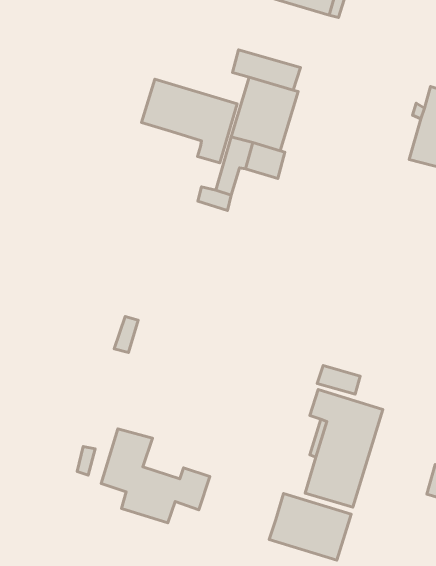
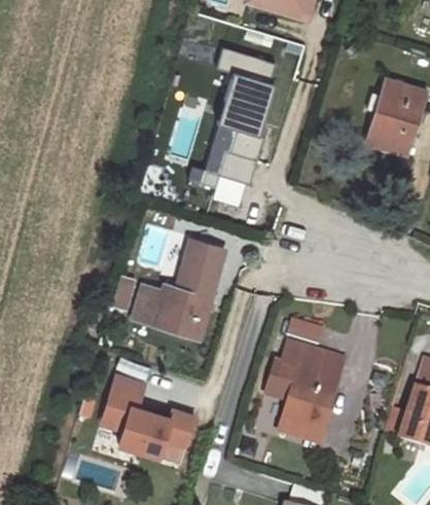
building: [142,79,237,163] -> none
building: none -> [214,150,254,184]
building: none -> [134,240,226,338]
building: [269,494,351,560] -> none

